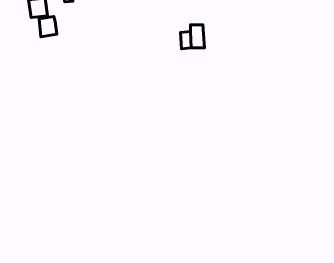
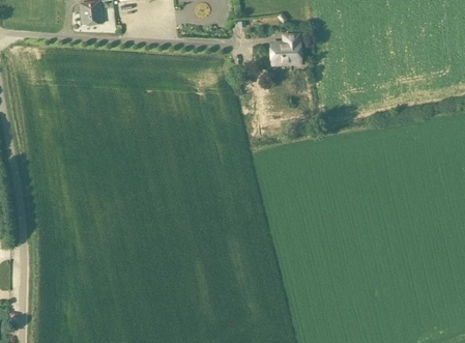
building: [39,16,57,37] -> none

